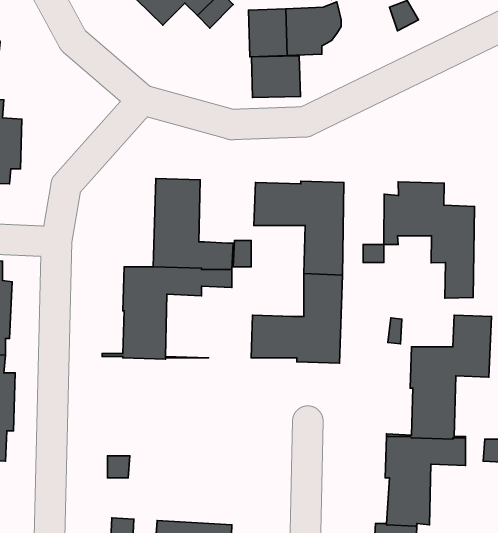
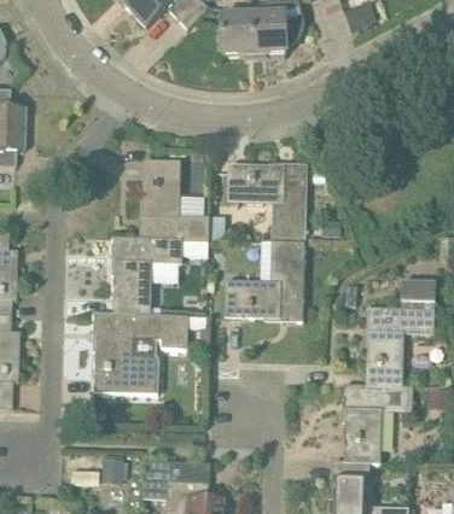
building: [251,56,300,98] -> none
building: [384,182,475,298] -> none
building: none -> [94,316,188,393]

